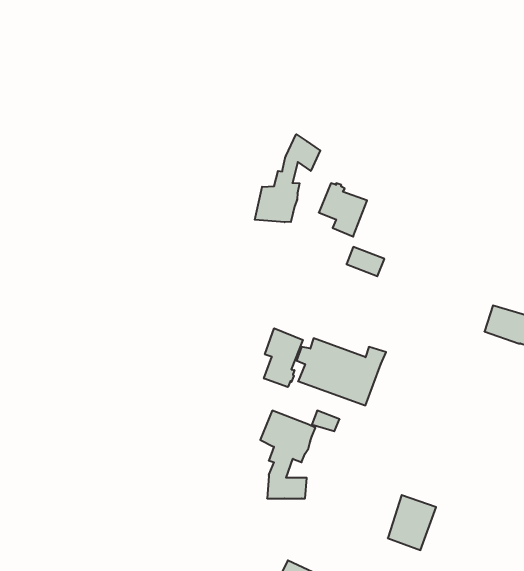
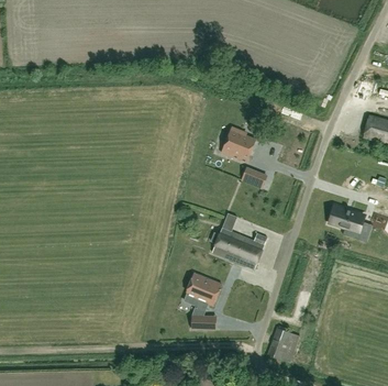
building: [255,134,320,222] -> none
building: [264,328,303,387] -> none

